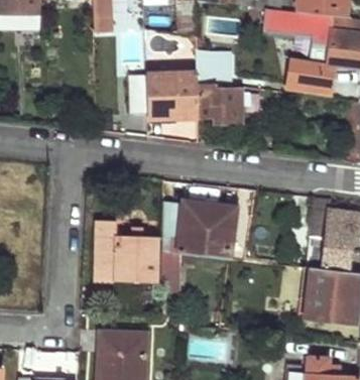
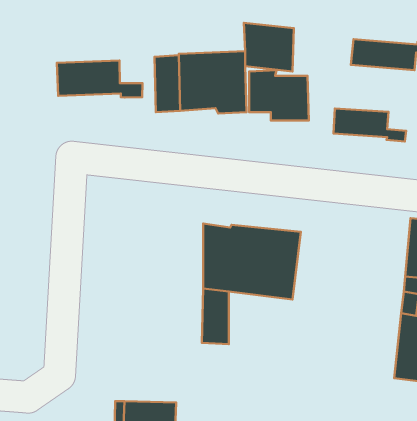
building: none -> [57,61,143,97]
building: none -> [333,108,406,141]
building: [96,213,160,280] -> none

